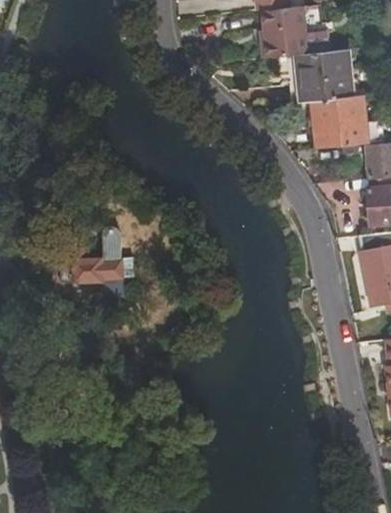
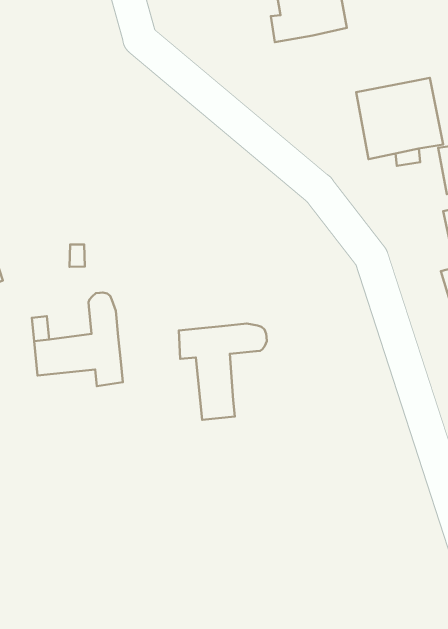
building: [285,48,355,102] -> none
building: none -> [179,324,267,420]

